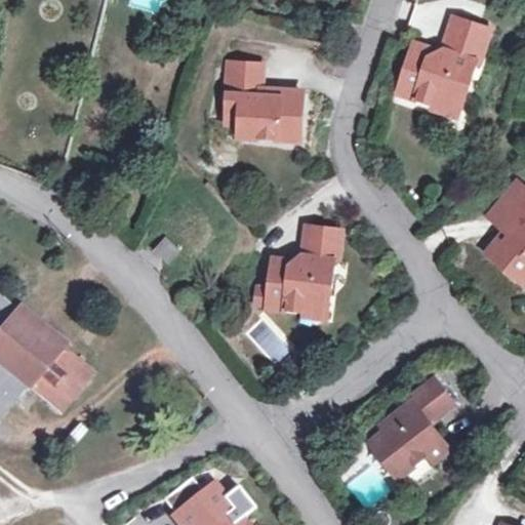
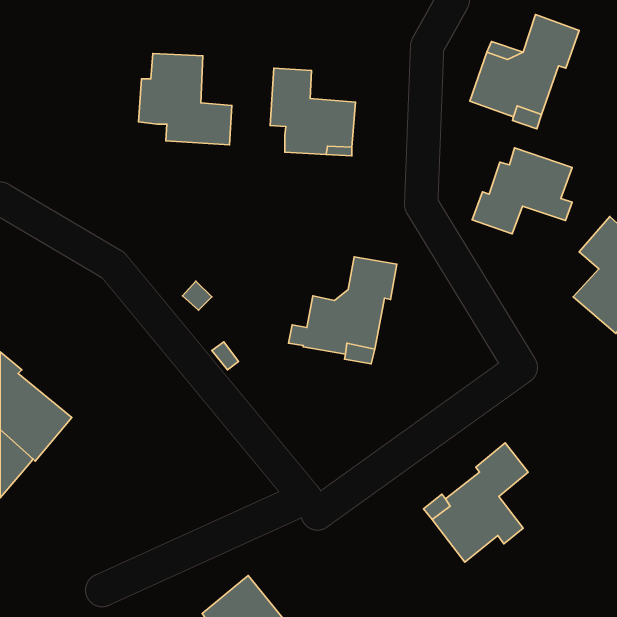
building: none -> [138,54,232,145]
building: none -> [472,148,572,234]
building: [31,356,92,417] -> none

